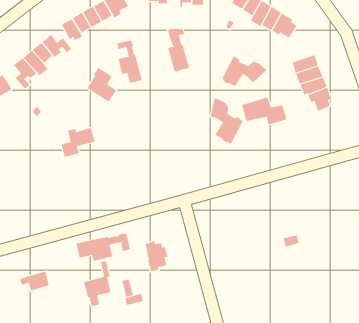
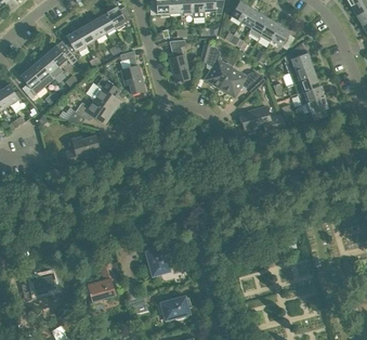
building: none -> [284,42,312,73]
building: none -> [62,100,113,123]
building: [210,98,243,145] -> [200,43,233,89]
building: [76,233,131,262] -> none
building: none -> [157,297,192,319]

